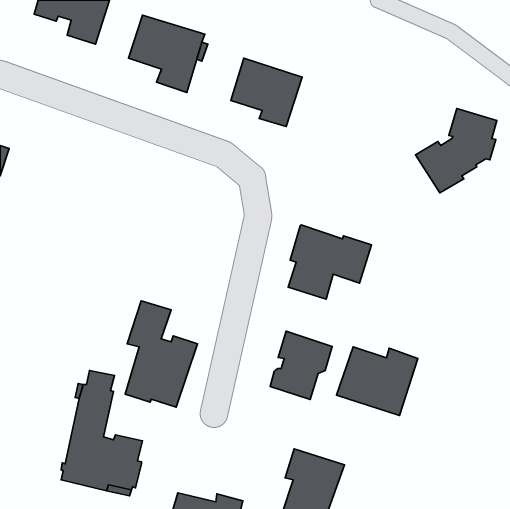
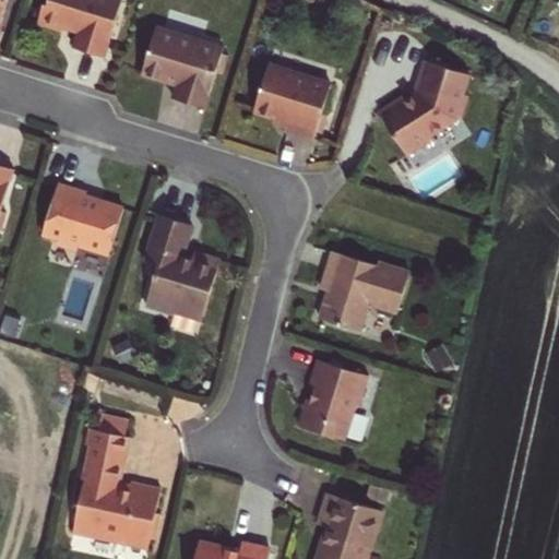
building: [416,108,497,193] -> [381,66,469,157]
building: none -> [41,179,123,251]
building: [125,301,197,407] -> [142,214,221,330]
building: [337,347,418,415] -> none

